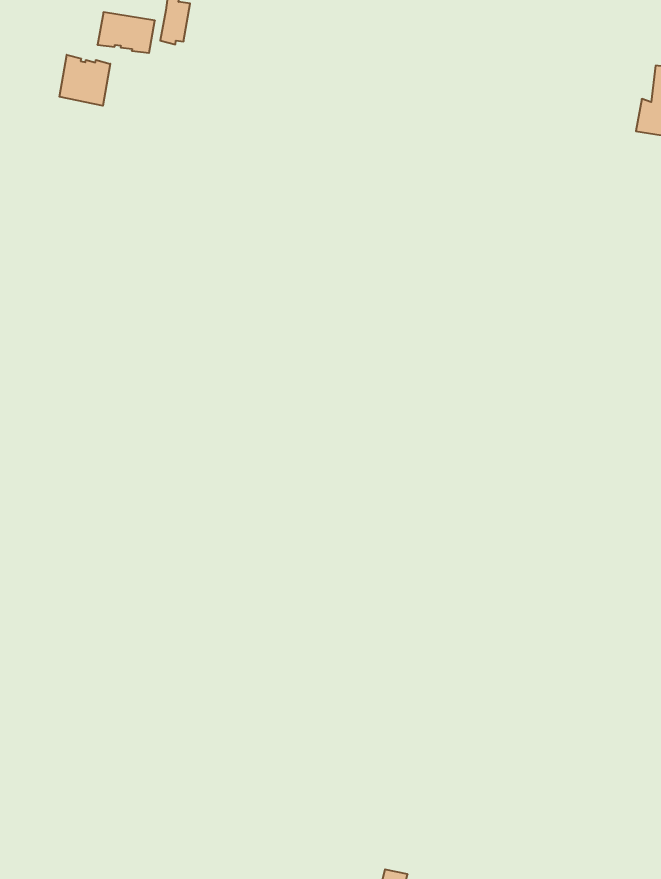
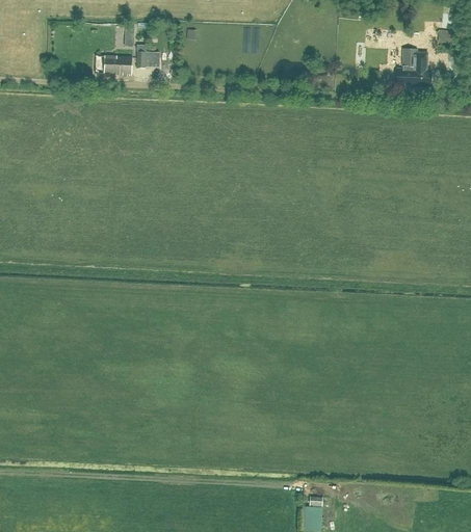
building: [59,55,110,106] -> none

